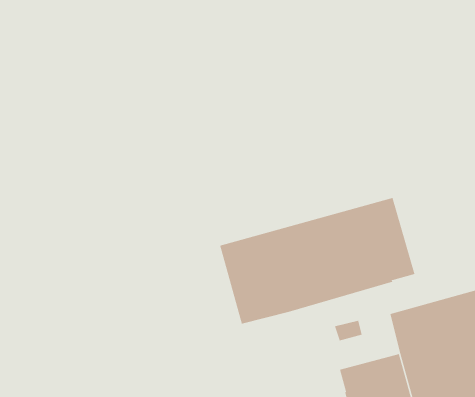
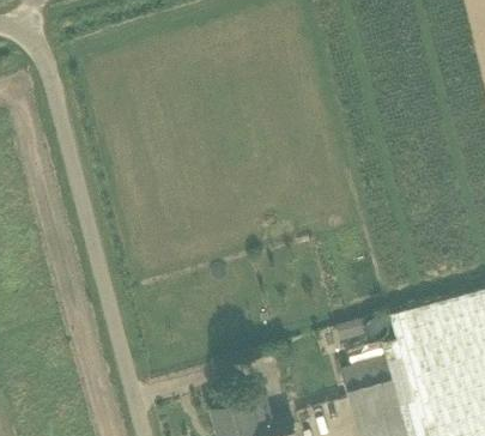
building: [220,197,415,325] -> none

